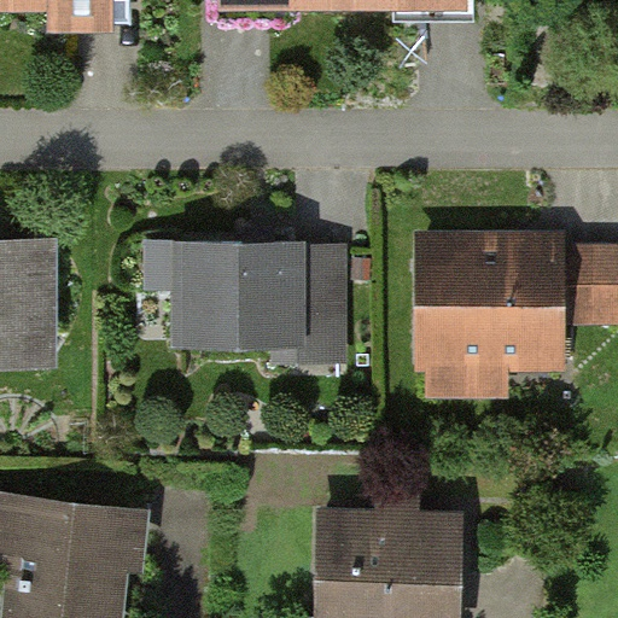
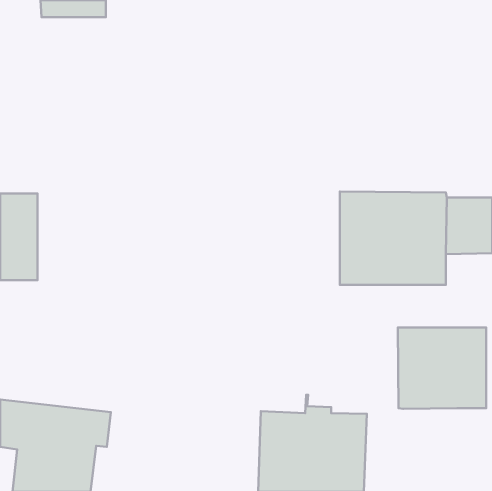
building: [183,243,343,342] -> none
building: none -> [398,328,486,409]

